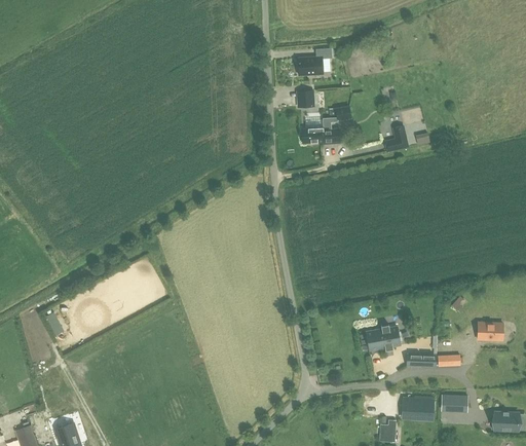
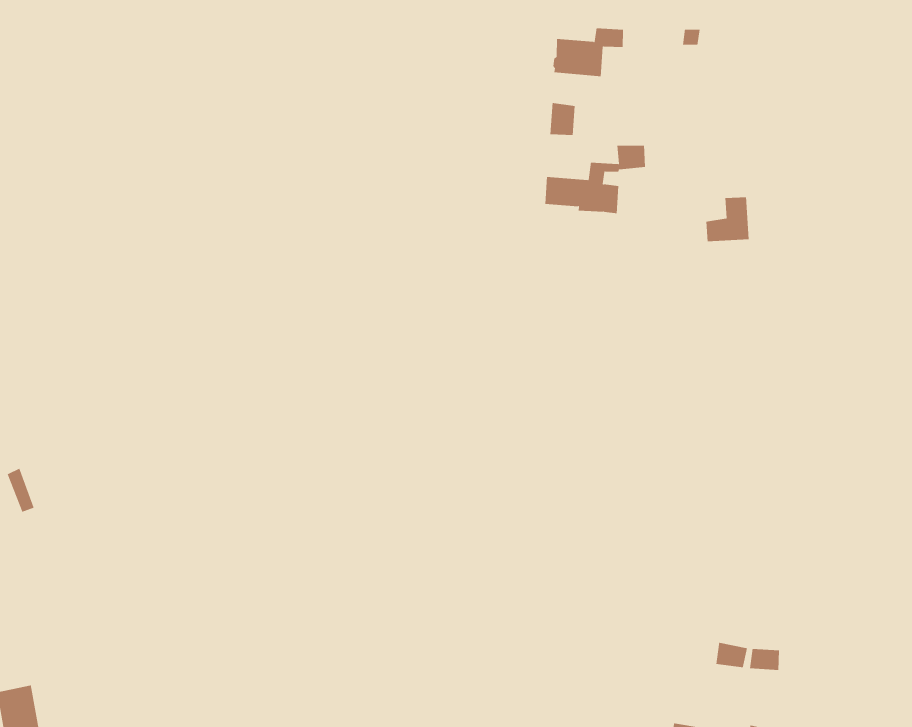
building: [477,321,501,339] -> none
building: [371,324,401,349] -> none

